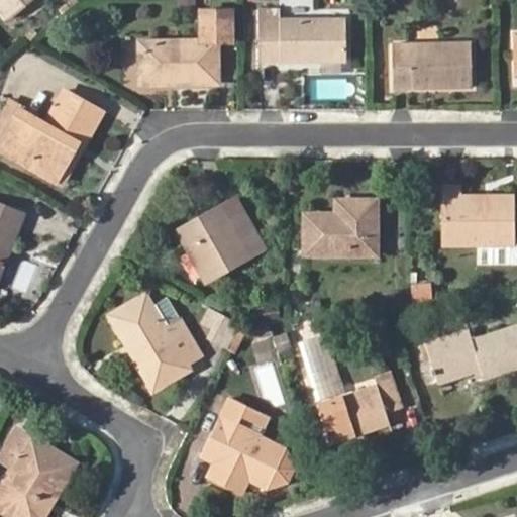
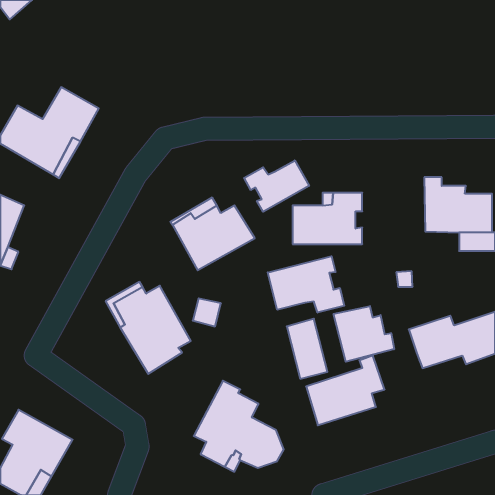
building: [258,10,346,61] -> none
building: [138,11,230,86] -> none
building: [392,44,470,90] -> none
building: none -> [244,160,309,212]
building: none -> [268,256,344,313]
building: none -> [334,306,394,362]

